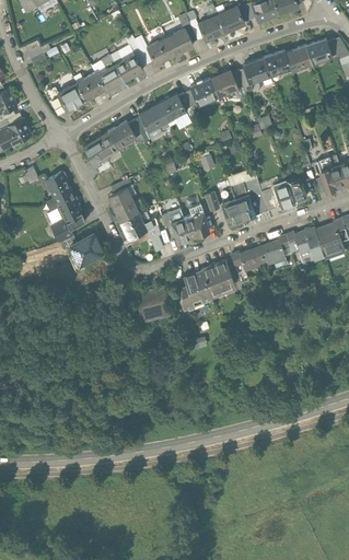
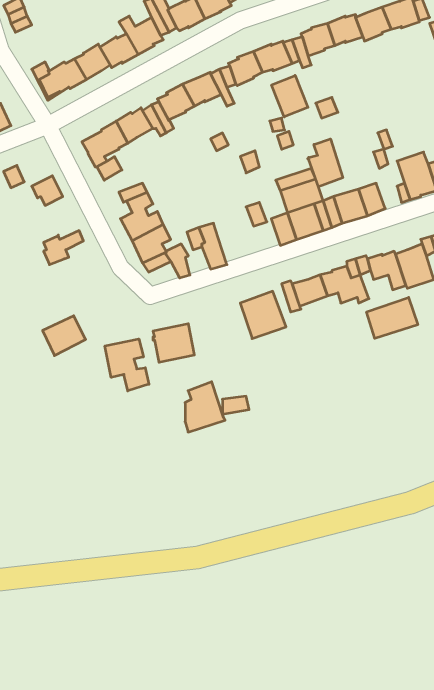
building: none -> [272,75,308,117]
building: none -> [308,139,343,187]
building: [56,188,81,220] -> none
building: [184,205,210,238] -> none
building: [70,232,102,261] -> [43,316,86,356]
building: none -> [367,297,418,338]
building: [181,267,210,304] -> [185,382,225,432]
building: none -> [105,339,149,391]

